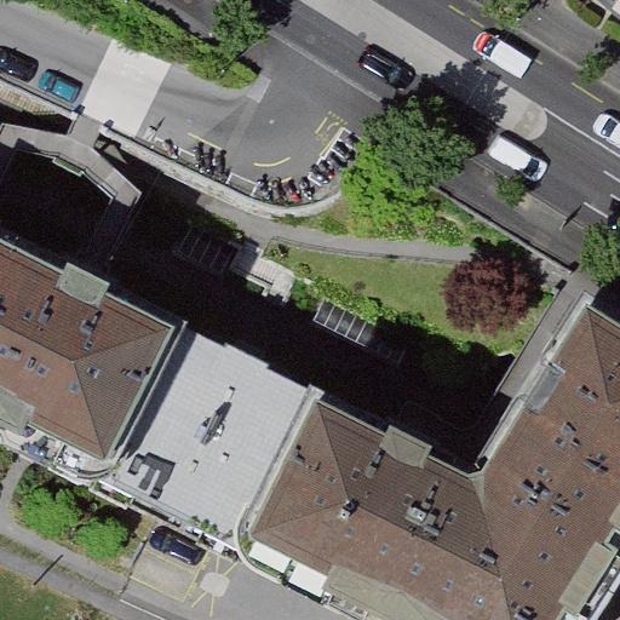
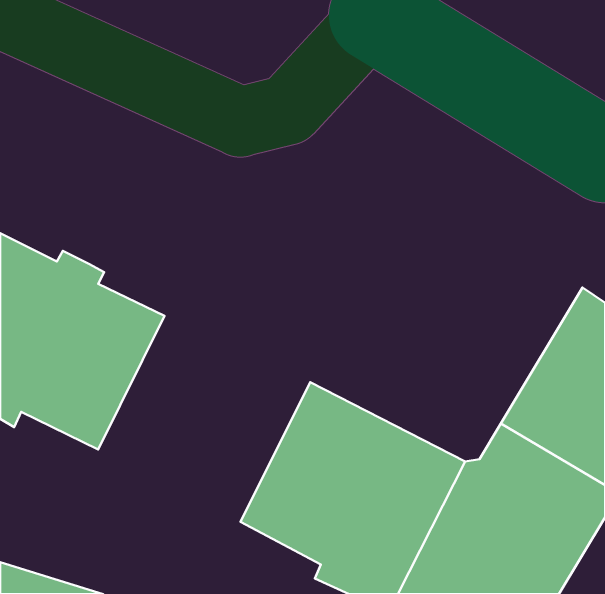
building: [101,323,317,534] -> none

